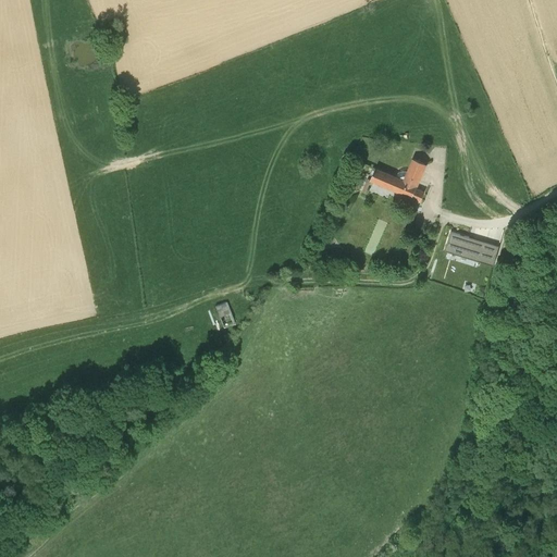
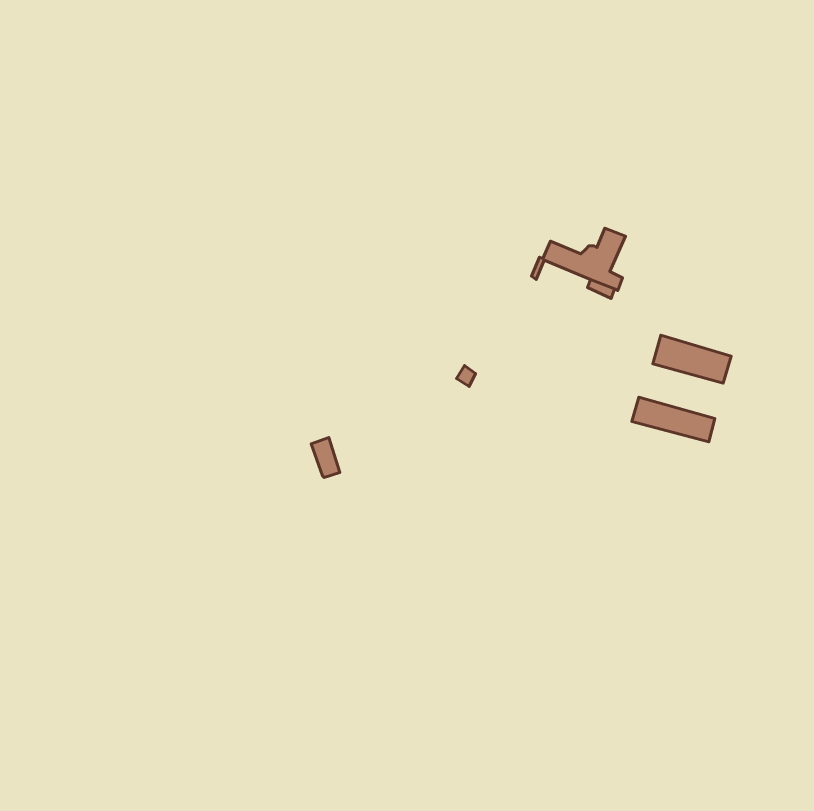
building: none -> [632,397,715,442]

